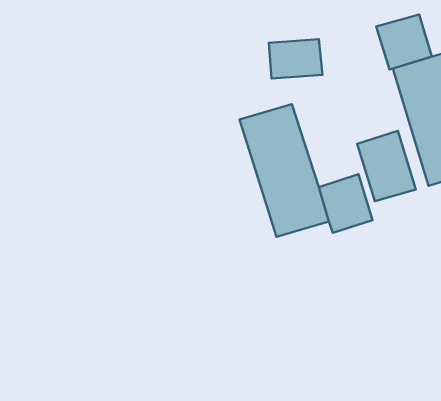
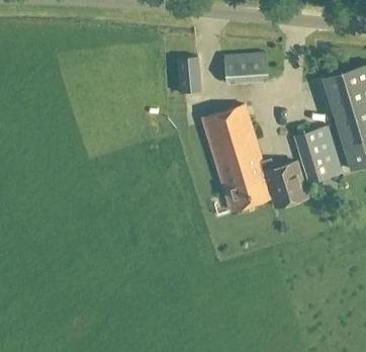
building: [376,14,432,70] -> none
building: none -> [178,57,201,92]

